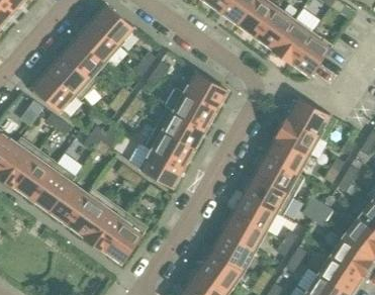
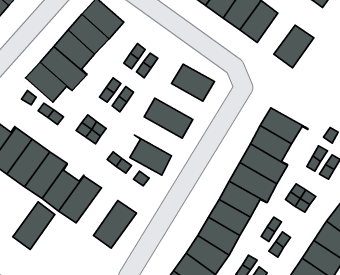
building: [272,19,311,62] -> none
building: [166,92,215,129] -> none
building: [286,97,336,138] -> none
building: [145,126,194,167] -> none
building: [84,200,127,250] -> [13,202,55,249]

